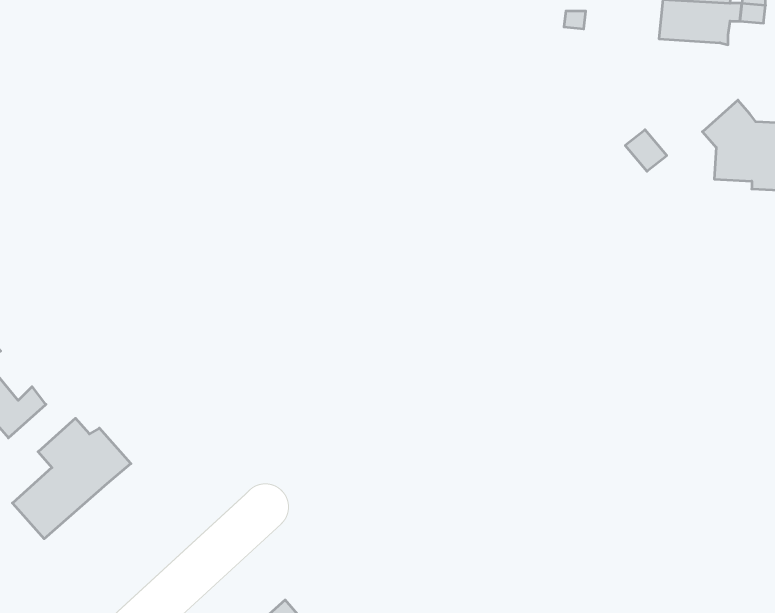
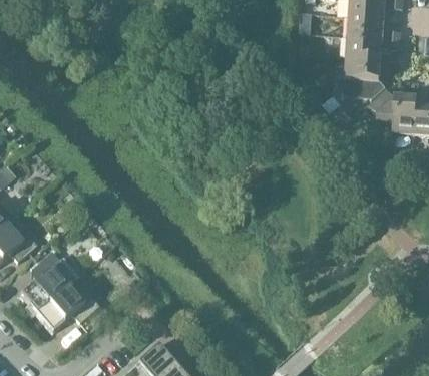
building: none -> [344,56,382,95]
building: none -> [34,282,97,329]

